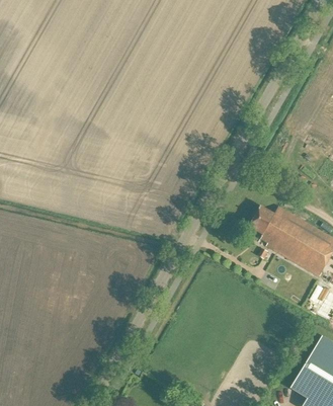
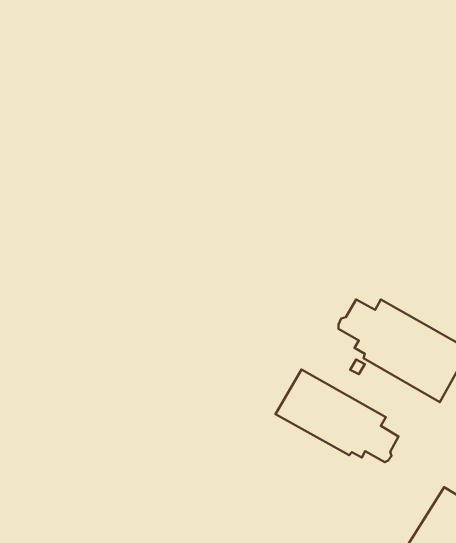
building: none -> [275,369,399,462]

